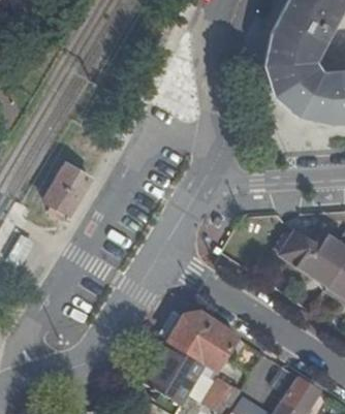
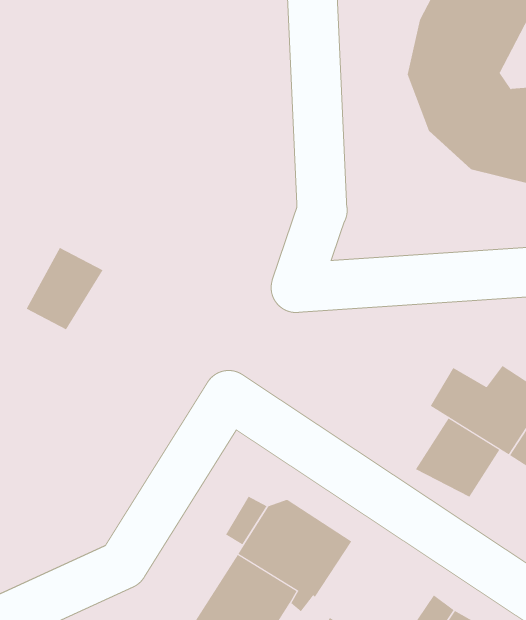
building: none -> [415,417,500,498]

